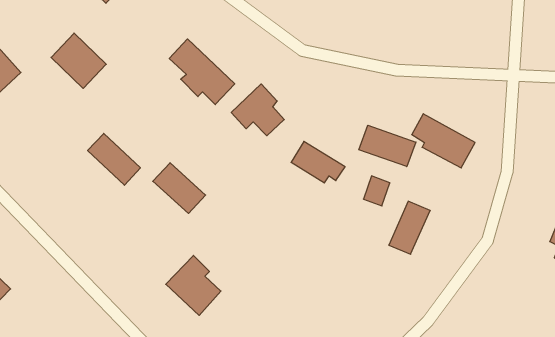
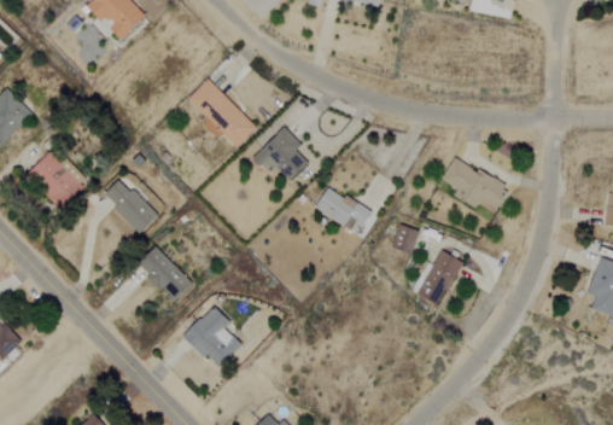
building: [51,33,106,88] -> [27,150,84,208]
building: [359,125,416,167] -> none
building: [153,163,206,213] -> [136,249,192,302]

